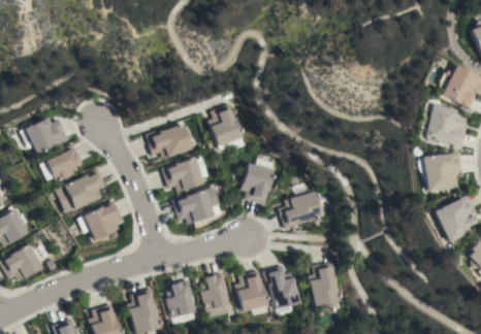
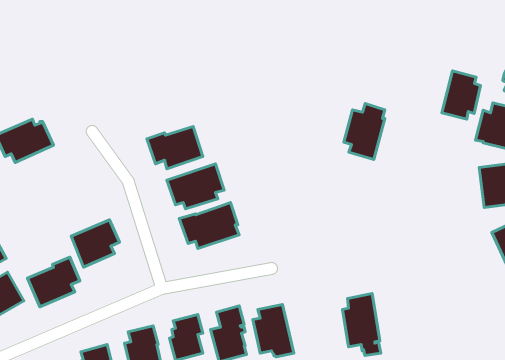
building: none -> [442,71,481,119]
building: [209,104,246,149] -> none
building: [39,143,83,182] -> none
building: [242,158,276,204] -> [344,103,385,160]
building: [63,168,106,209] -> [28,257,80,307]
building: [280,192,323,228] -> none
building: [262,266,298,312] -> none

